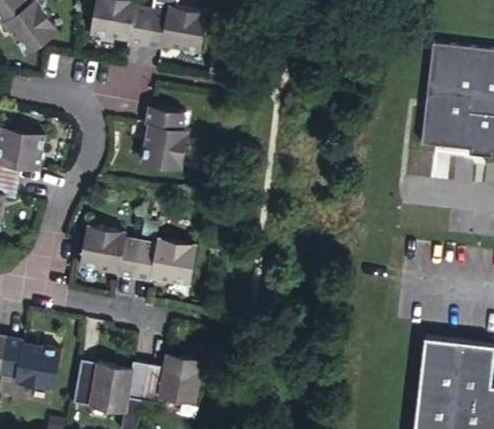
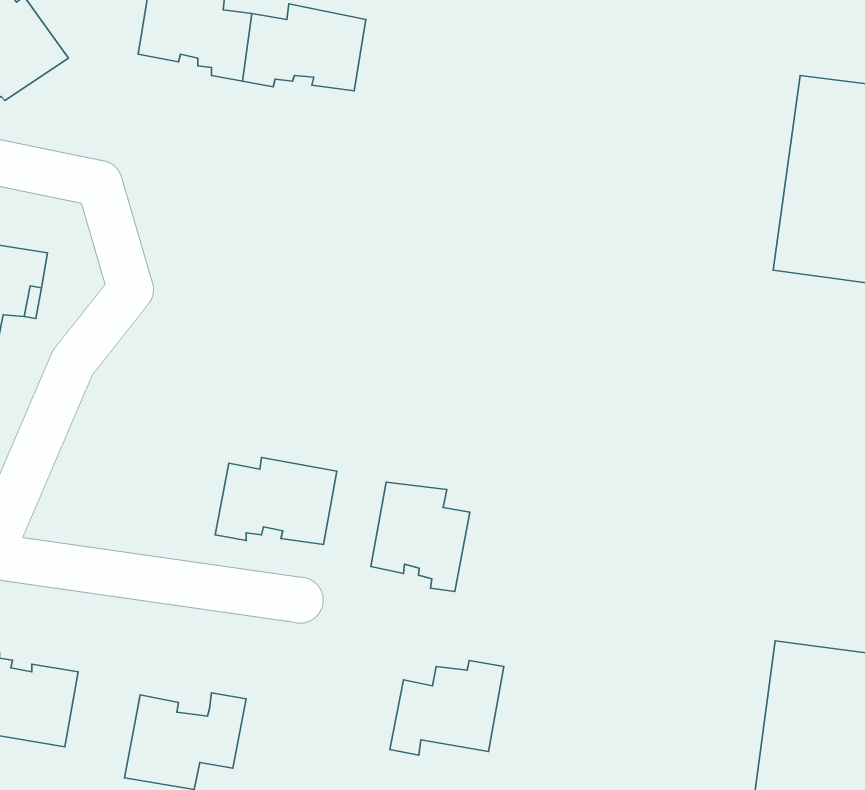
building: [141,109,189,173] -> none
building: [78,226,140,279] -> none
building: none -> [371,482,470,591]
building: [142,354,201,403] -> [390,661,504,755]

